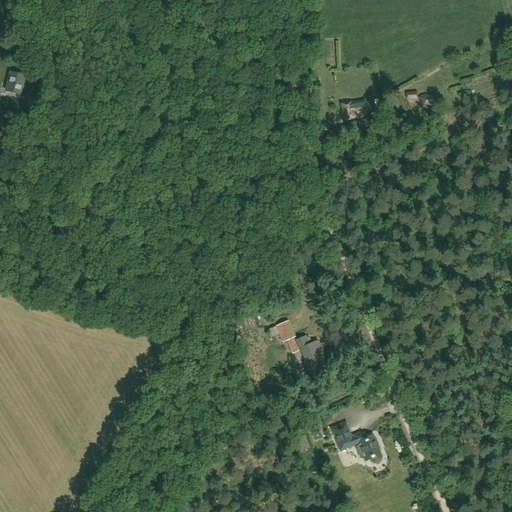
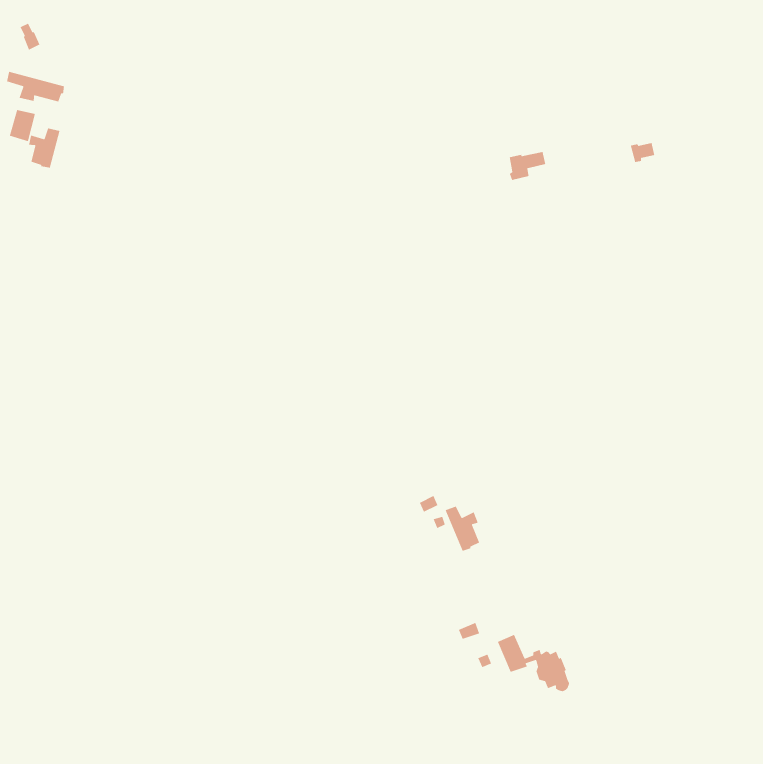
building: none -> [6,71,65,102]
building: none -> [28,128,60,169]

